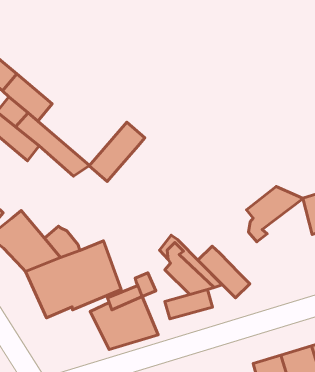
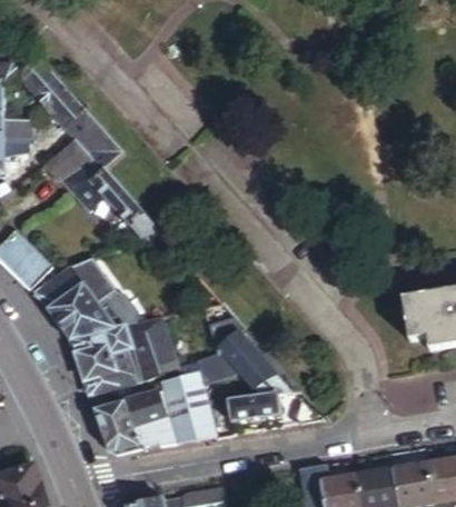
building: [89,122,145,182] -> none
building: [247,187,303,242] -> none
building: none -> [72,257,117,305]
building: [198,246,250,298] -> none
building: none -> [91,396,155,453]

